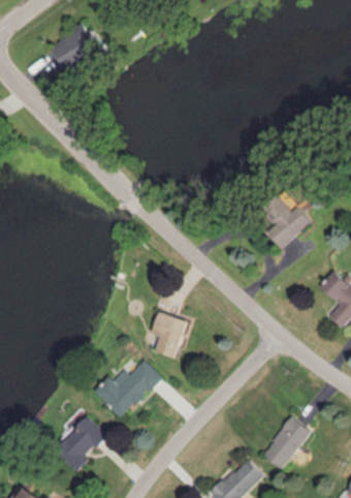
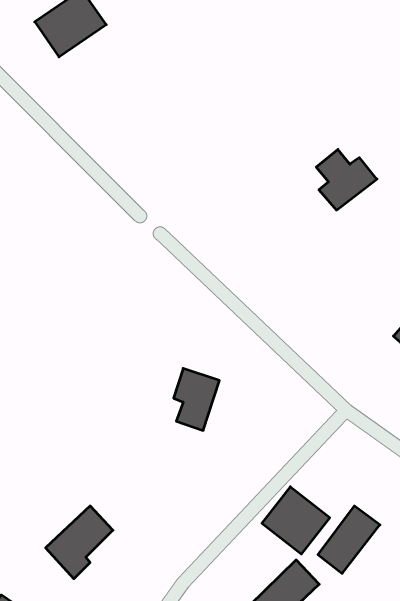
building: [265,200,312,247] -> [316,149,377,210]
building: [94,360,161,418] -> none
building: none -> [262,487,330,554]

